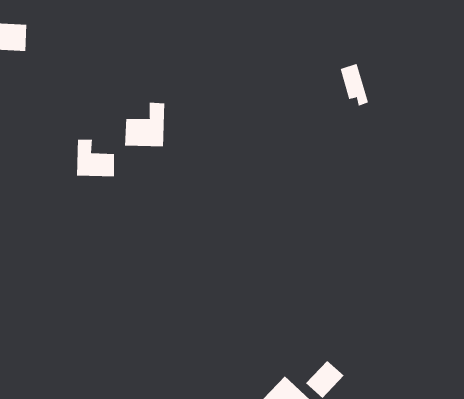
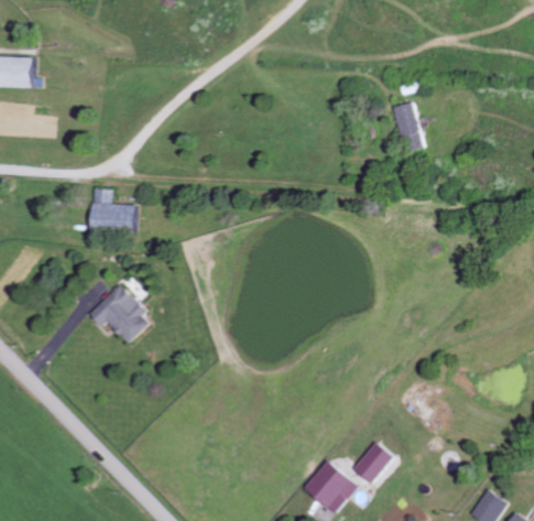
building: [125,102,165,147] -> none
building: none -> [89,284,150,345]

